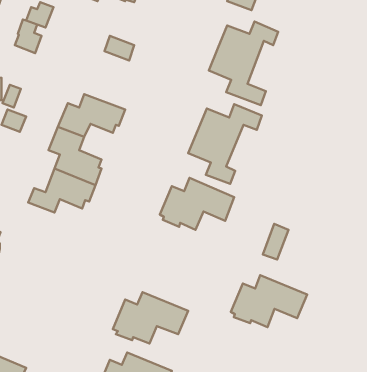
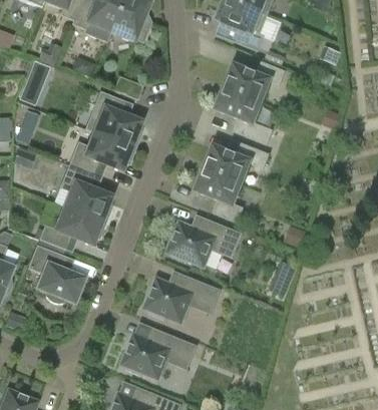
building: none -> [84,90,140,147]
building: none -> [26,245,83,303]
building: [231,275,307,327] -> [144,271,220,322]

